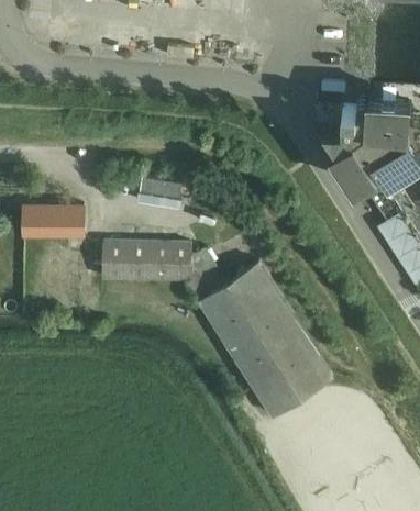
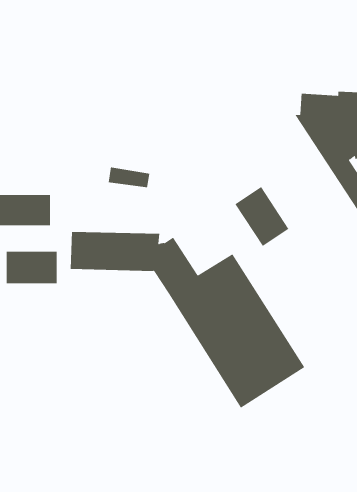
building: none -> [235,186,289,247]
building: none -> [6,251,57,284]

